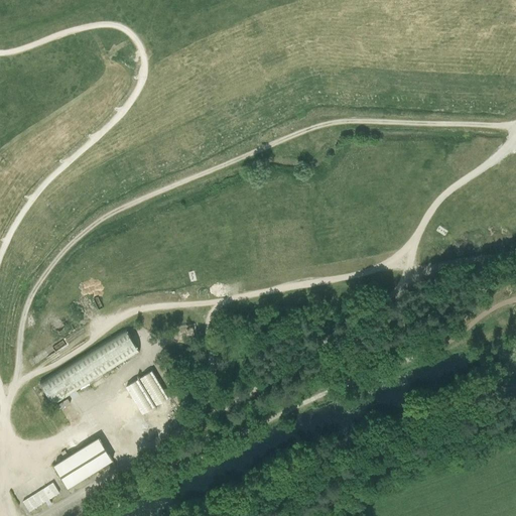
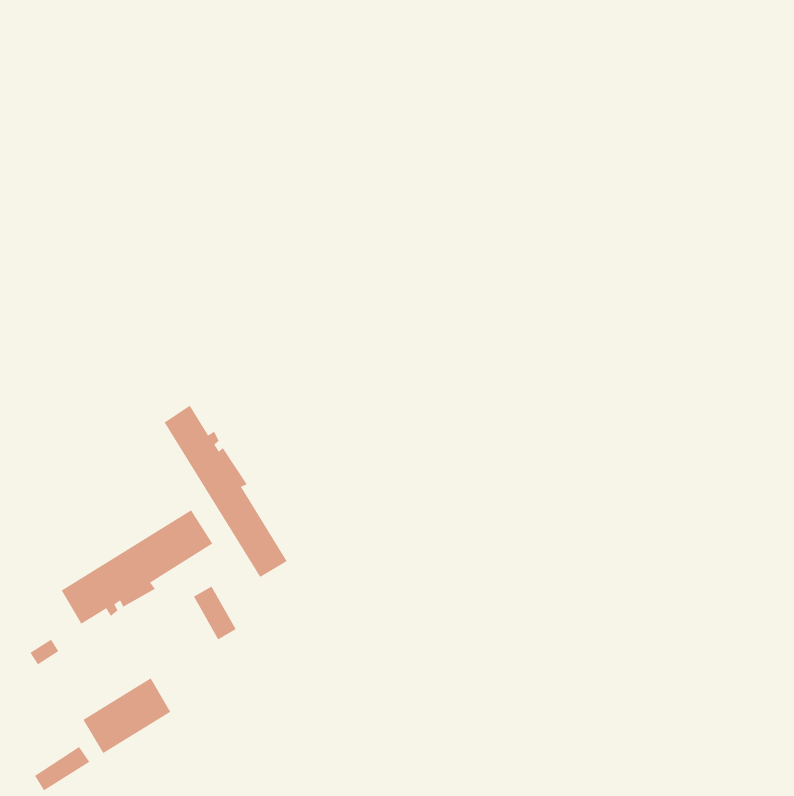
building: none -> [164,405,288,578]
building: [138,371,167,405] -> none

